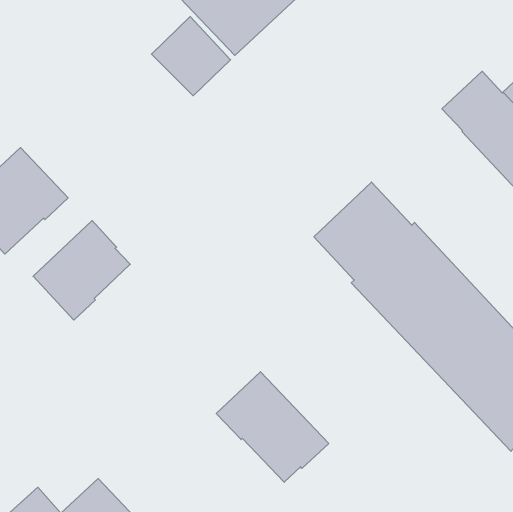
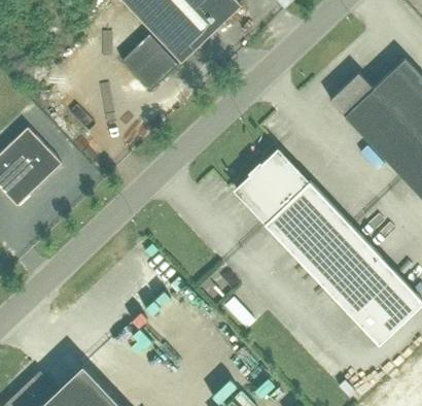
building: [33,221,130,320] -> none
building: [216,372,329,482] -> none

